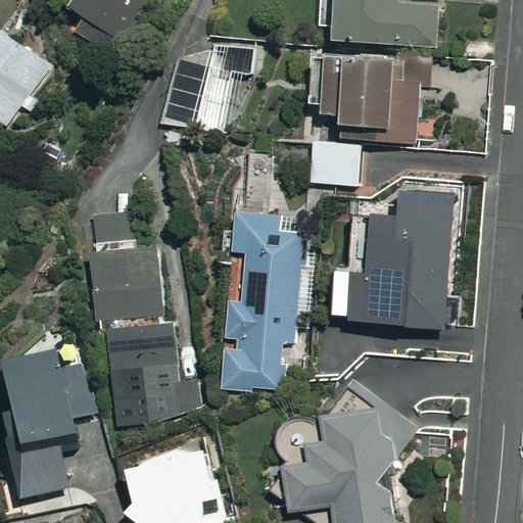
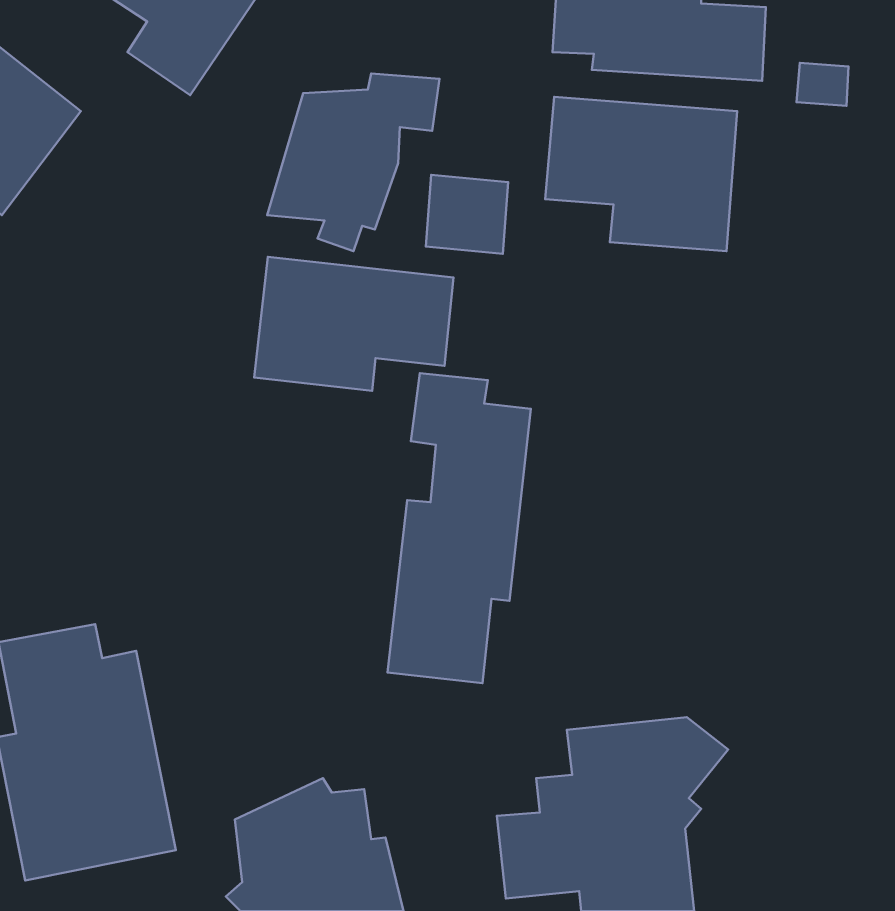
building: [310,140,356,185] -> [426,175,508,254]
building: none -> [254,257,453,391]
building: [333,190,459,328] -> none
building: [89,215,196,424] -> none

